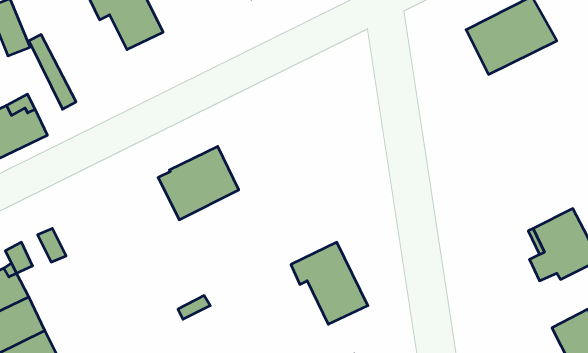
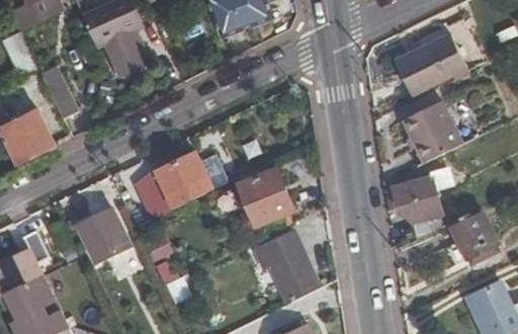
building: none -> [404,99,466,161]
building: none -> [393,168,449,238]
building: none -> [238,170,292,227]
building: none -> [75,208,126,262]

